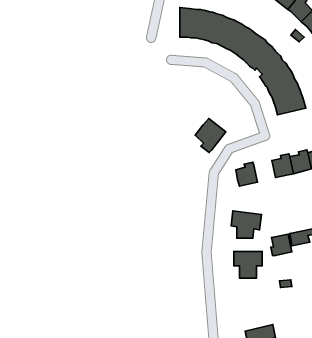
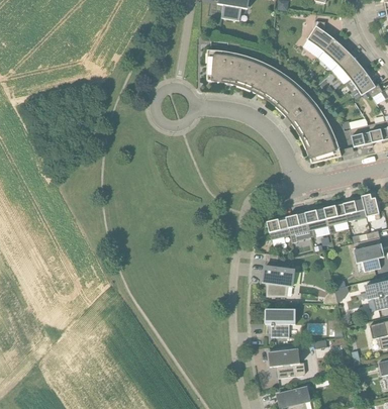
building: [195,118,226,152] -> none
building: none -> [286,210,309,235]
building: [271,234,292,256] -> none
building: none -> [270,348,300,379]

